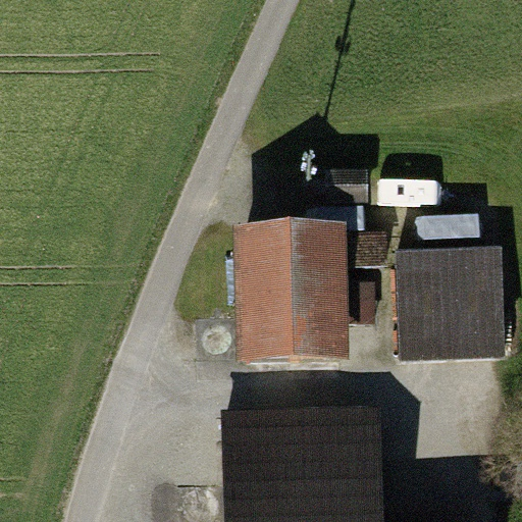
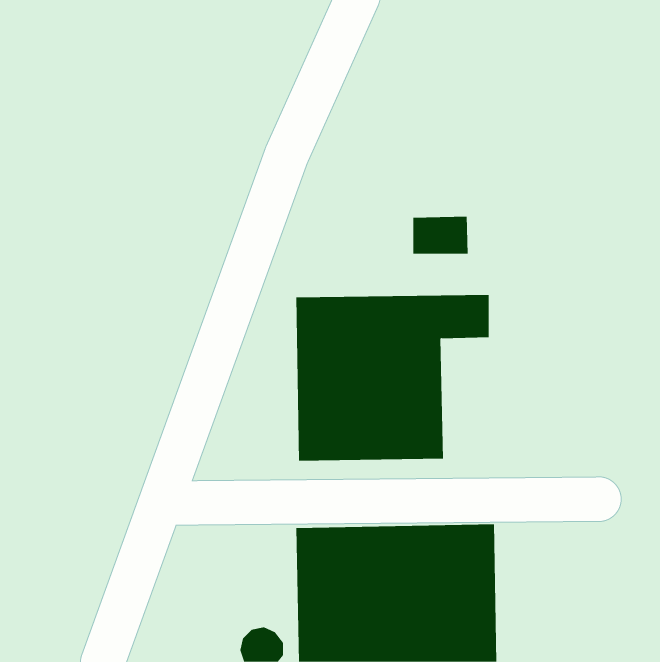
building: [395,248,504,359] -> none

